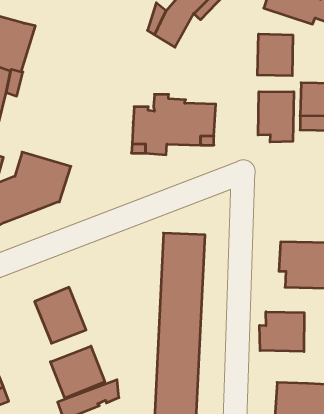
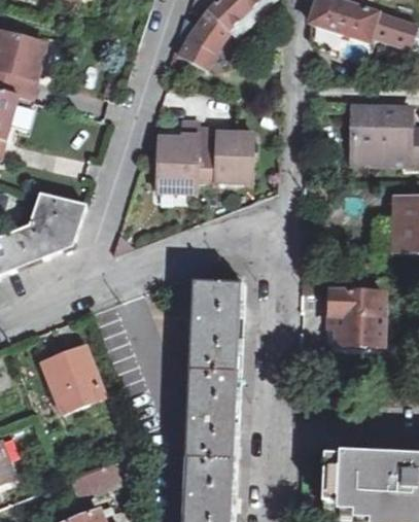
building: [257,34,293,76] -> none
building: [258,92,294,142] -> none
building: [260,312,304,352] -> none
building: [50,346,105,398] -> none

